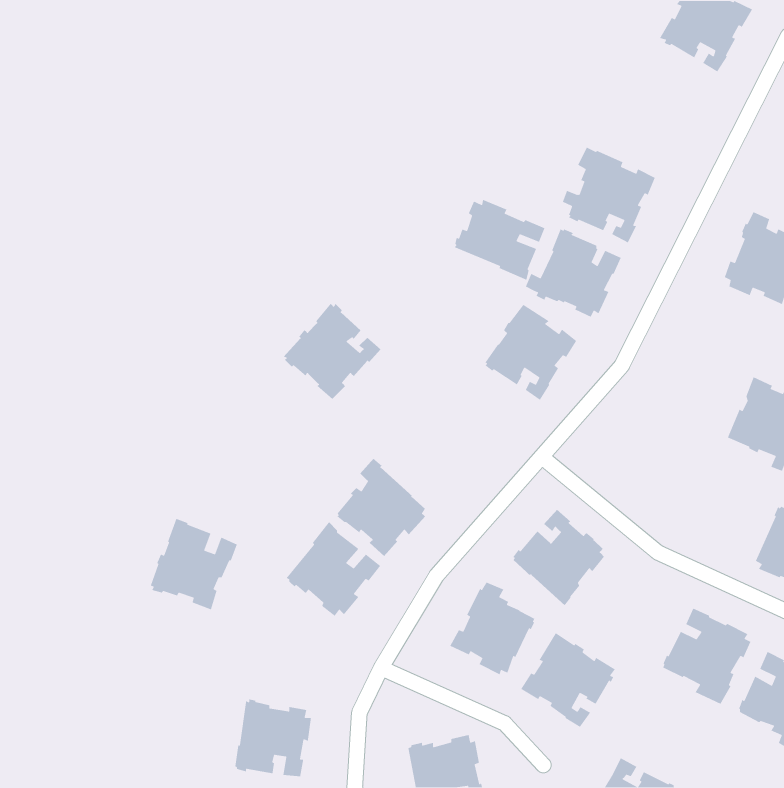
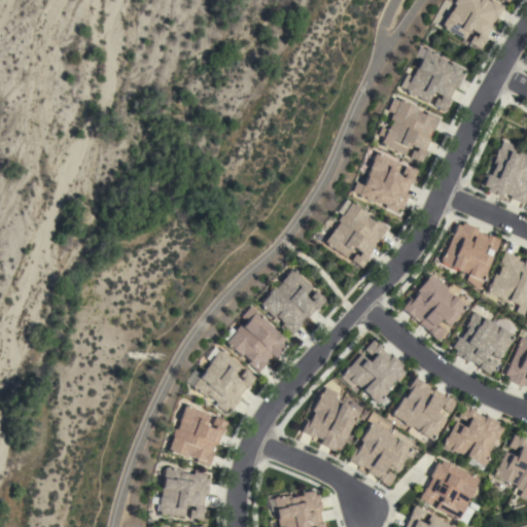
building: none -> [406,49,465,110]
building: [454,199,546,281] -> none
building: [283,303,381,400] -> [261,269,327,333]
building: none -> [442,222,501,289]
building: none -> [403,275,469,341]
building: none -> [454,312,516,374]
building: [150,518,238,610] -> [170,405,229,466]
building: none -> [393,377,458,440]
building: none -> [421,460,481,521]

